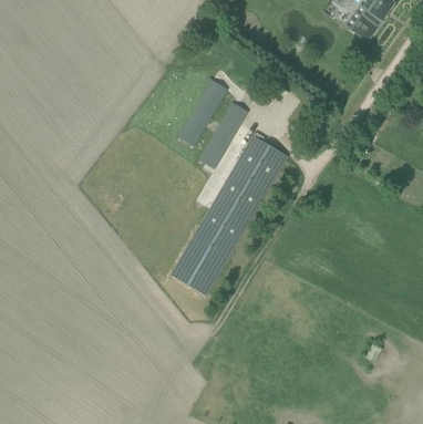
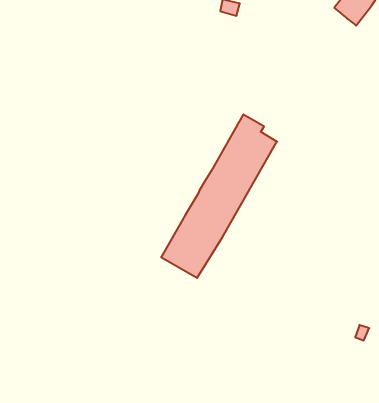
building: [177,79,228,146] -> none
building: [198,103,248,169] -> none

